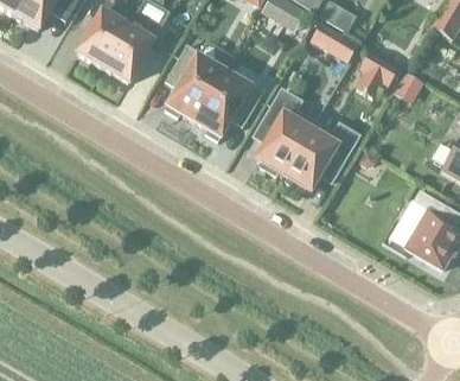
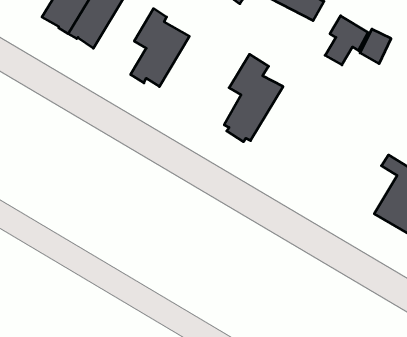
building: [194,70,266,140] -> none
building: [285,120,360,190] -> none

